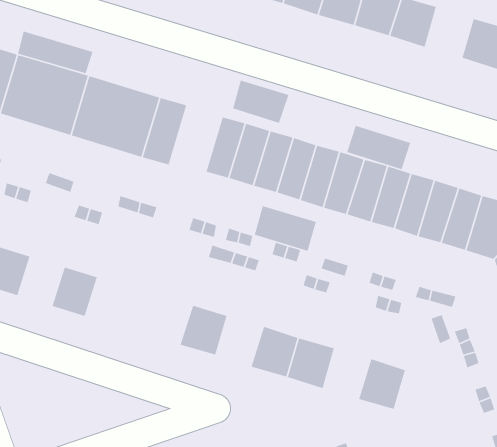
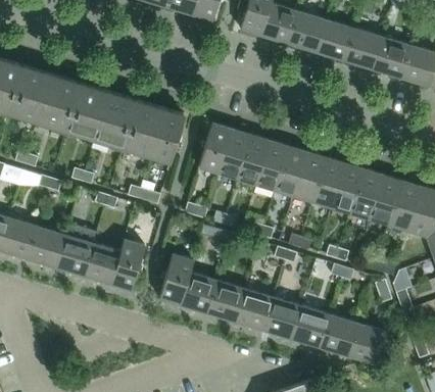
building: none -> [372,37,409,78]
building: [17,30,94,74] -> none
building: [232,80,290,124] -> none
building: [346,125,411,170] -> none
building: [254,205,317,252] -> none
building: none -> [50,234,87,274]
building: none -> [103,240,144,290]
building: none -> [158,254,193,304]
building: none -> [206,281,244,322]
building: none -> [291,306,329,347]
building: none -> [347,324,386,364]

